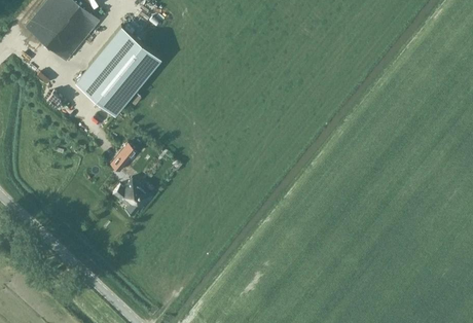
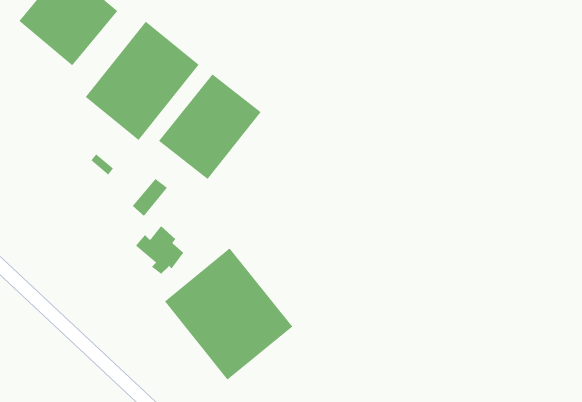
building: none -> [158,74,262,180]
building: none -> [164,247,293,381]

